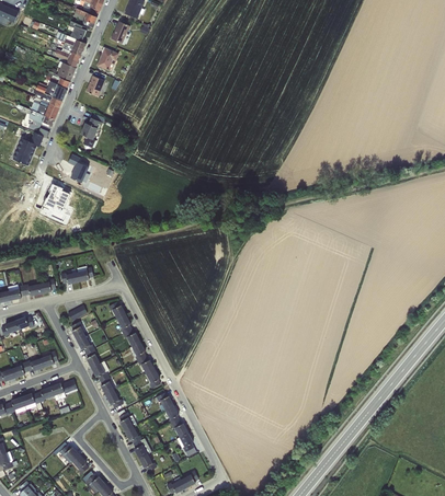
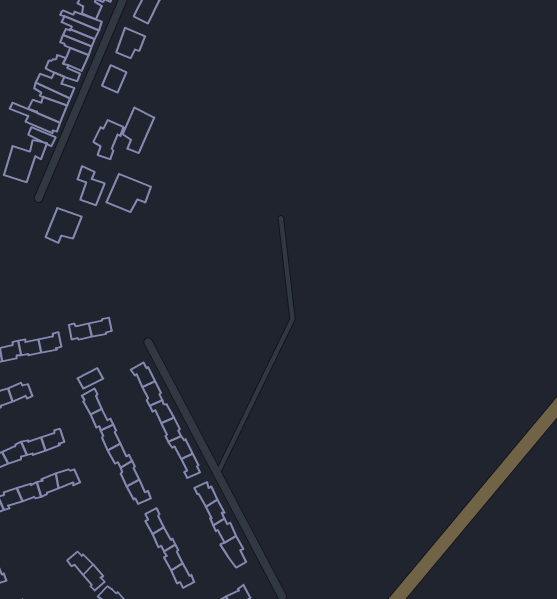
building: none -> [123,107,154,153]
building: none -> [106,174,151,212]

